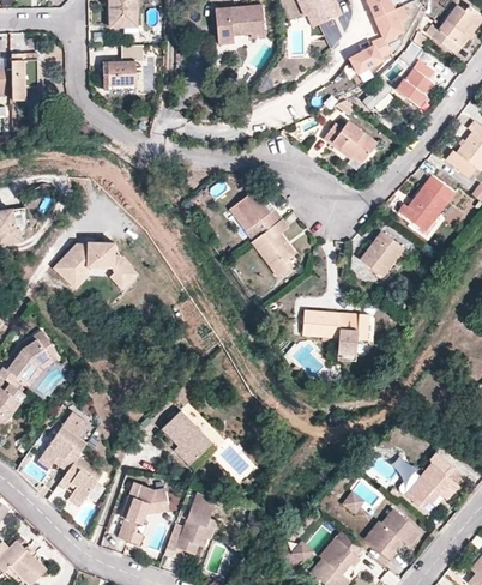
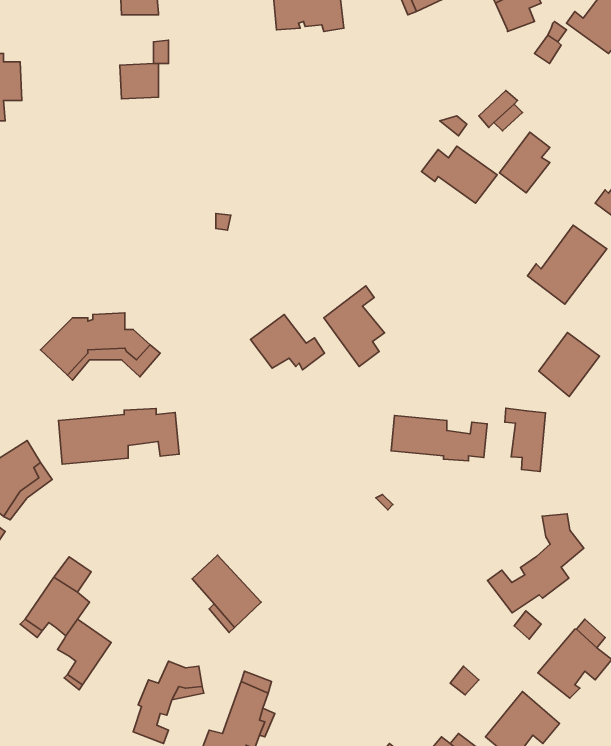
building: [350,37,390,73] -> none
building: [397,59,433,102] -> [499,132,550,193]
building: [230,192,283,231] -> [250,314,325,370]
building: [360,233,403,278] -> [539,333,599,396]
building: none -> [505,408,545,472]
building: none -> [58,408,179,464]
building: none -> [488,514,584,613]

